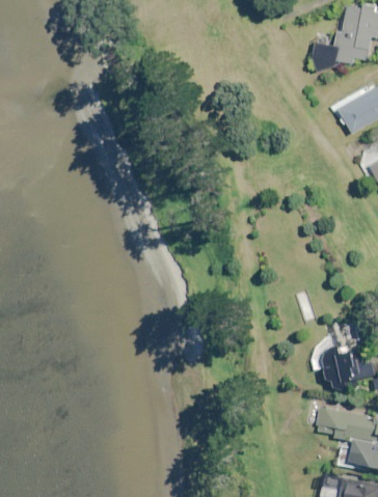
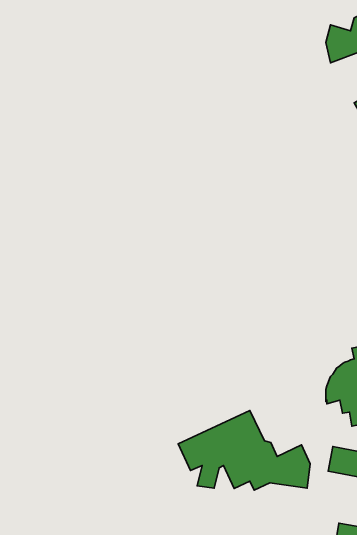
building: none -> [178,411,310,490]

